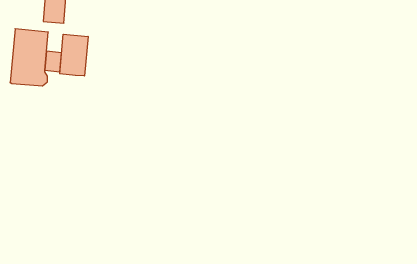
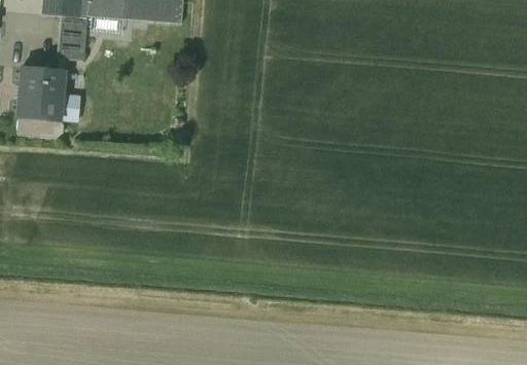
building: [60,34,88,76] -> none

